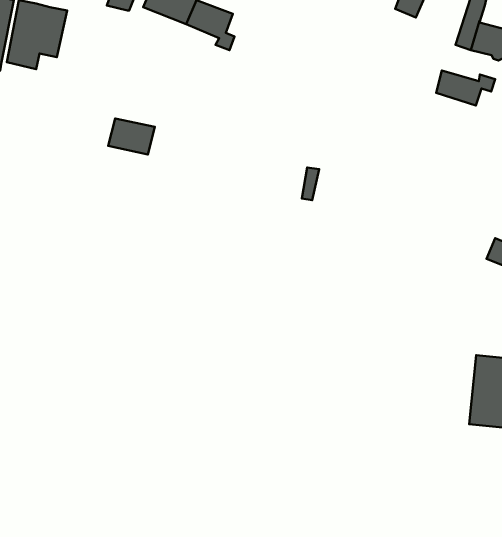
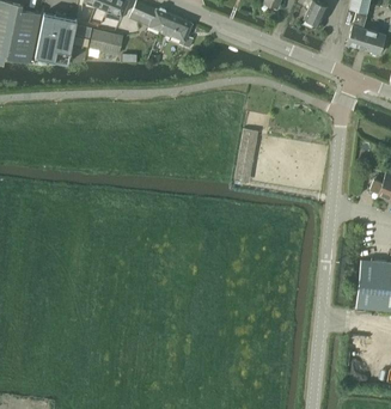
building: [436,71,495,105] -> none
building: [108,118,155,155] -> [91,30,123,55]

